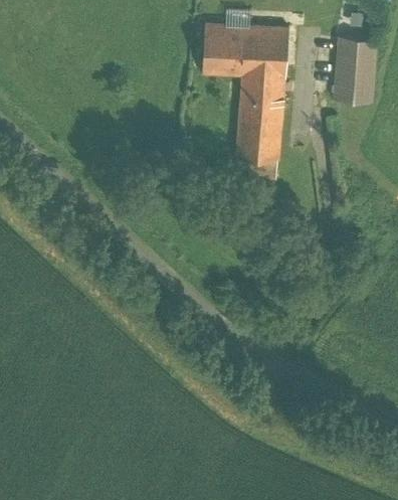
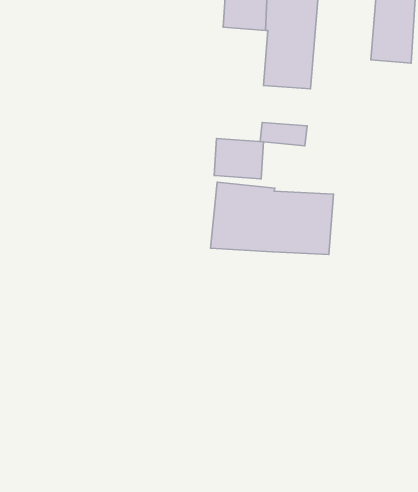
building: [236,124,280,160] -> [214,138,263,179]
building: none -> [211,182,333,255]

